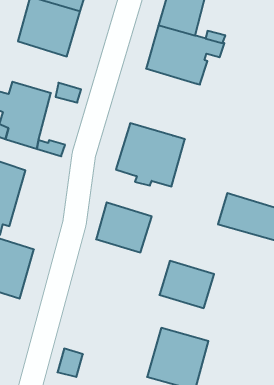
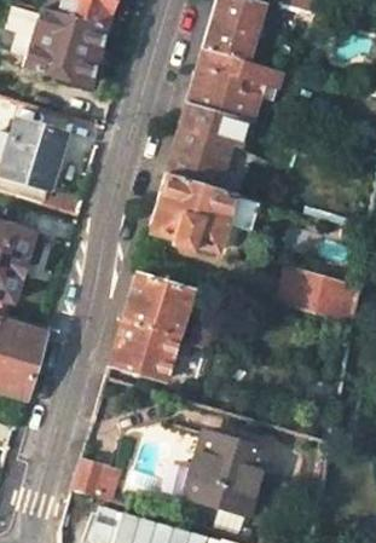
building: none -> [169,102,255,187]
building: [159,261,214,308] -> [112,320,183,381]

